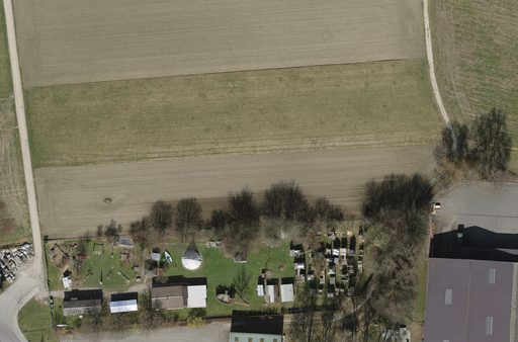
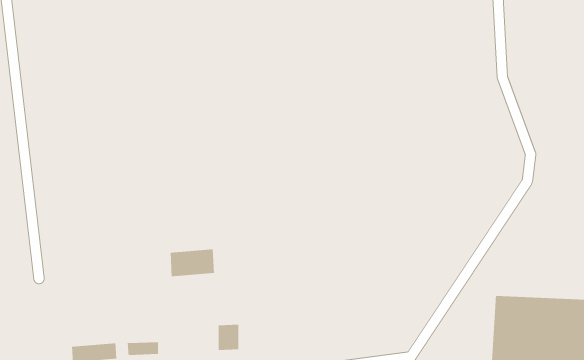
building: [152,285,190,310] -> [170,249,215,277]

